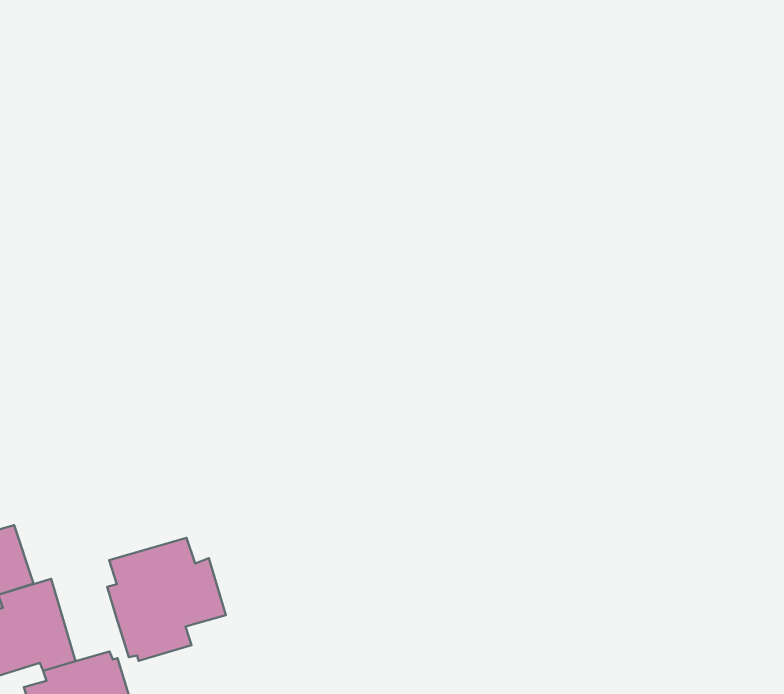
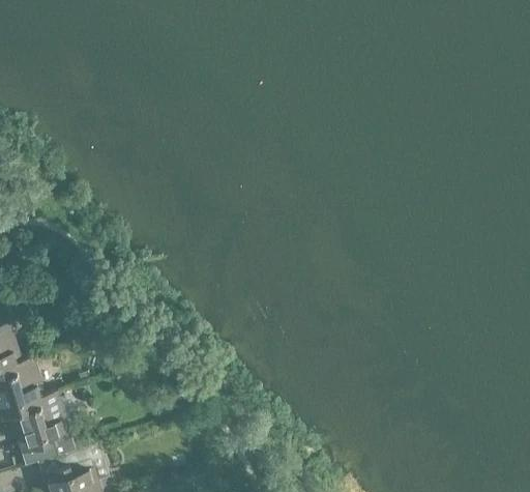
building: [107,538,226,661] -> none

